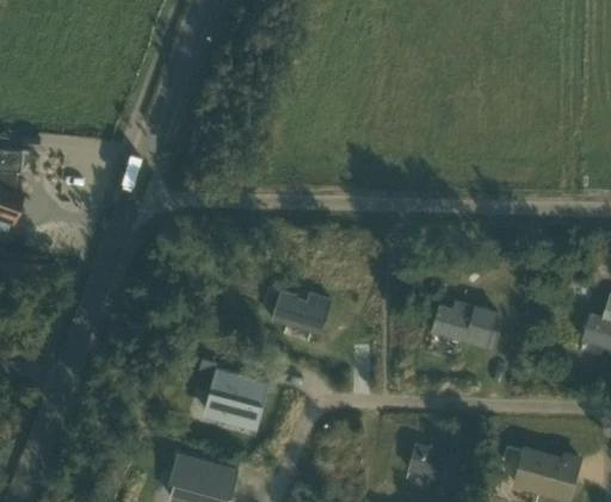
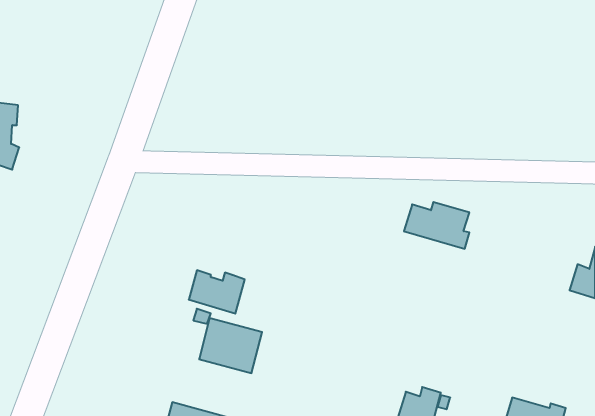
building: [272,291,329,335] -> [189,270,245,314]
building: [431,303,498,351] -> [404,202,469,249]

